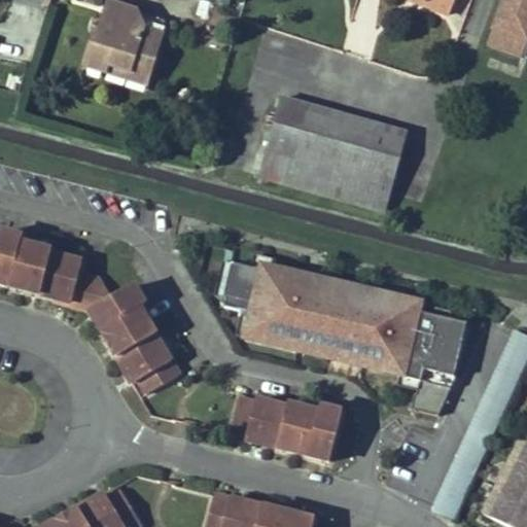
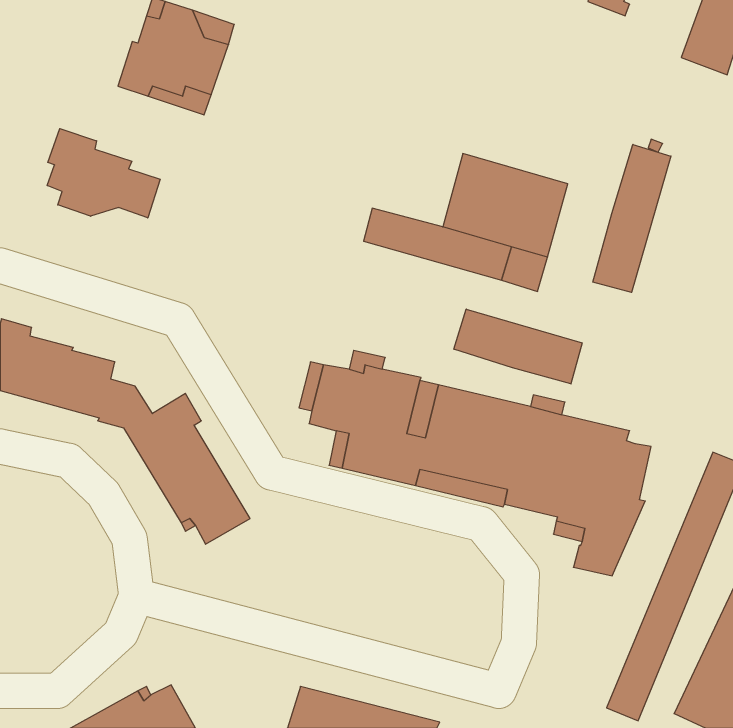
building: none -> [47,129,160,218]
building: [268,97,332,163] -> none
building: none -> [593,144,671,292]
building: none -> [454,309,582,384]
building: [231,396,344,459] -> none

